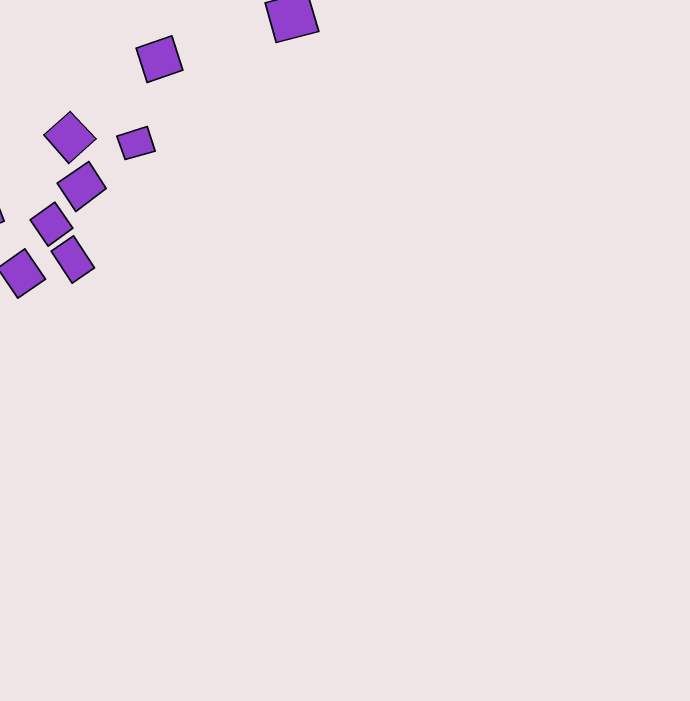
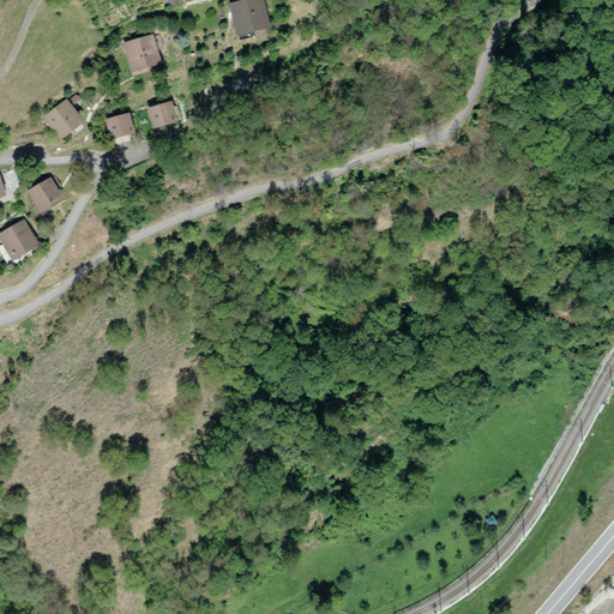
building: none -> [148,101,179,127]
building: [57,162,106,211] -> none
building: [51,236,94,283] -> none

